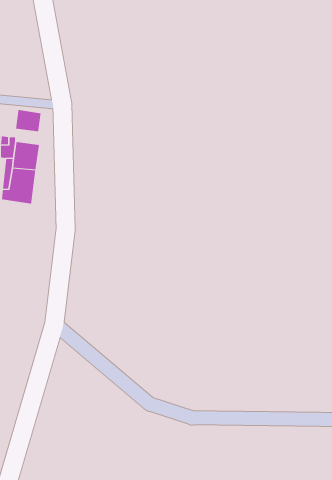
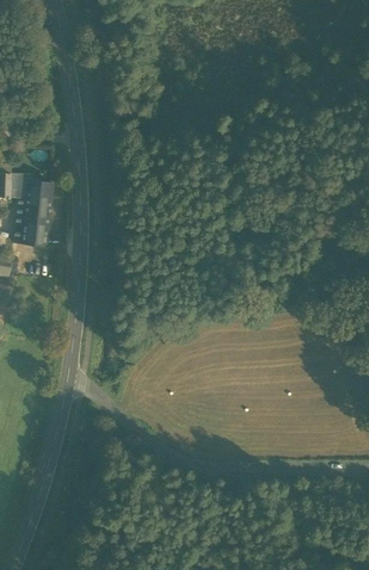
building: [15,109,41,132] -> none

